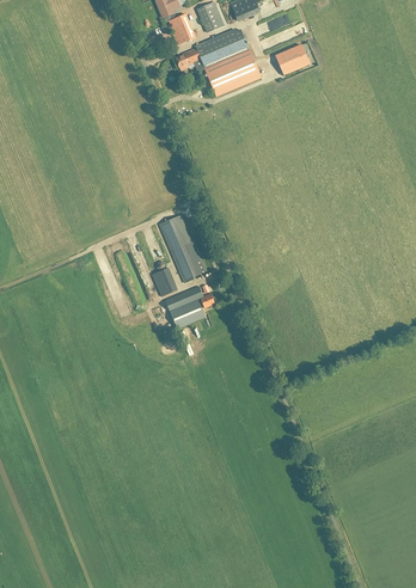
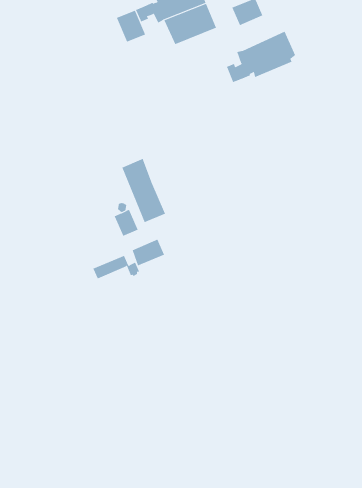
building: none -> [116,10,146,43]
building: none -> [226,31,296,83]
building: [164,286,214,311] -> [93,255,140,279]

